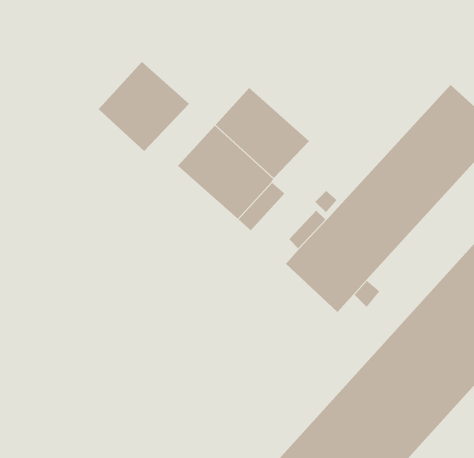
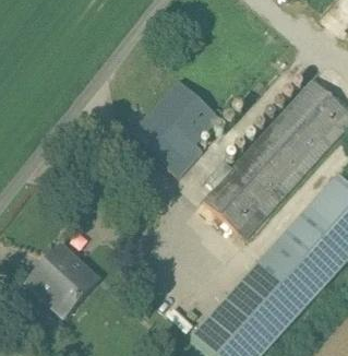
building: [98,61,190,152] -> none
building: none -> [28,245,99,316]

